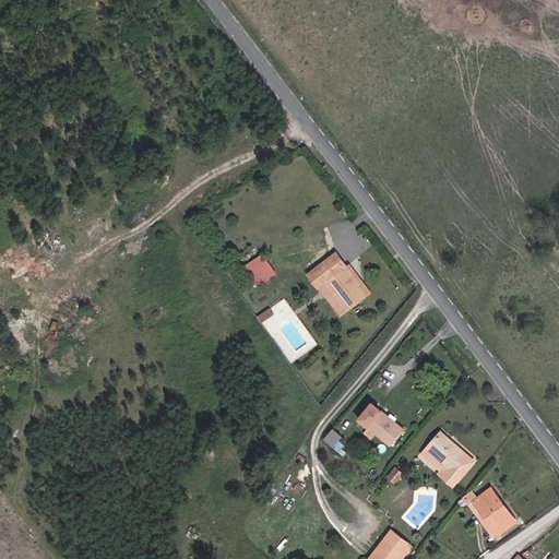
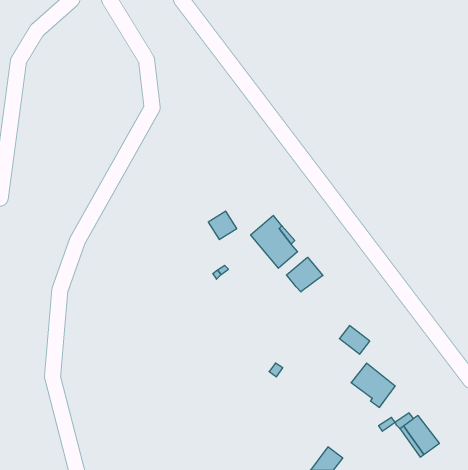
building: none -> [286,257,323,292]
building: [364,411,400,444] -> [339,326,370,354]

